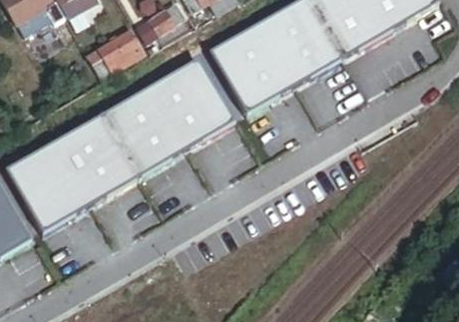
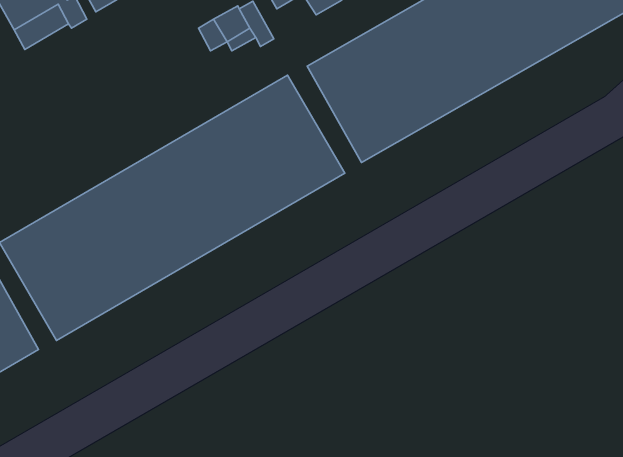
building: [87,29,144,78] -> none

